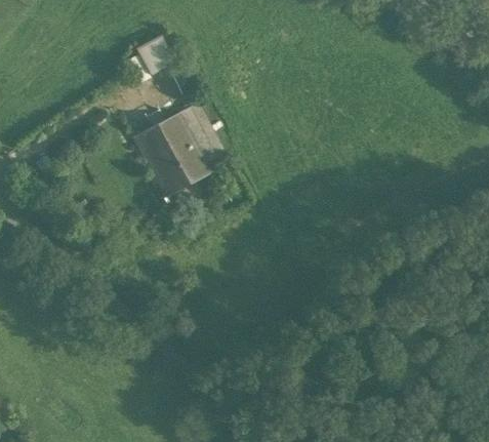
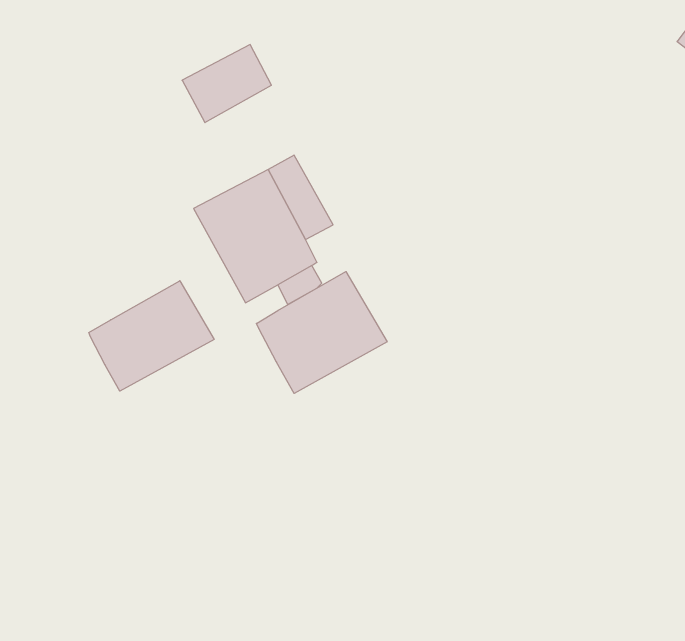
building: none -> [256,272,387,393]
building: none -> [89,281,214,391]

